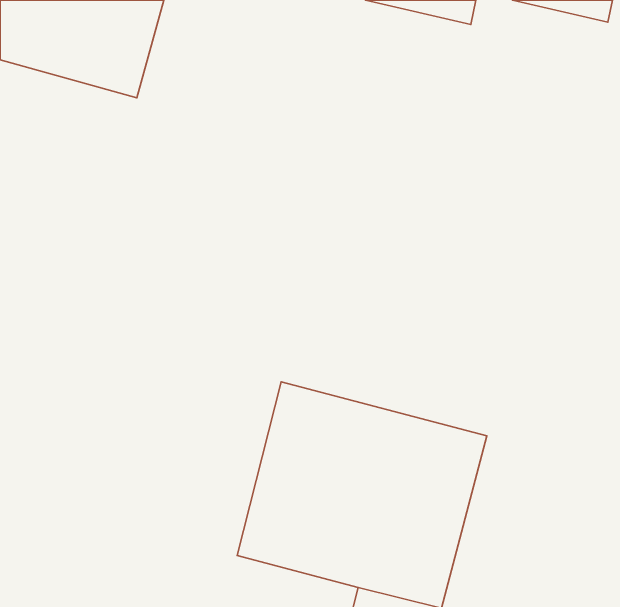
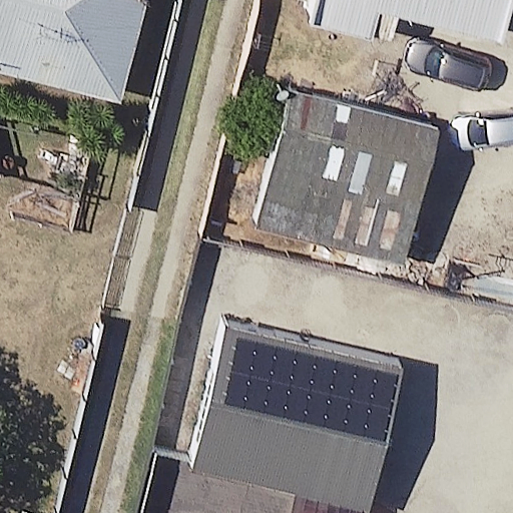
building: none -> [262,96,426,260]

